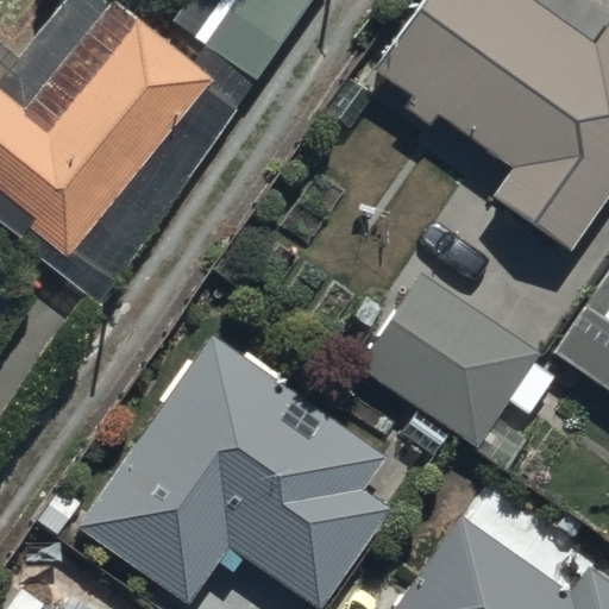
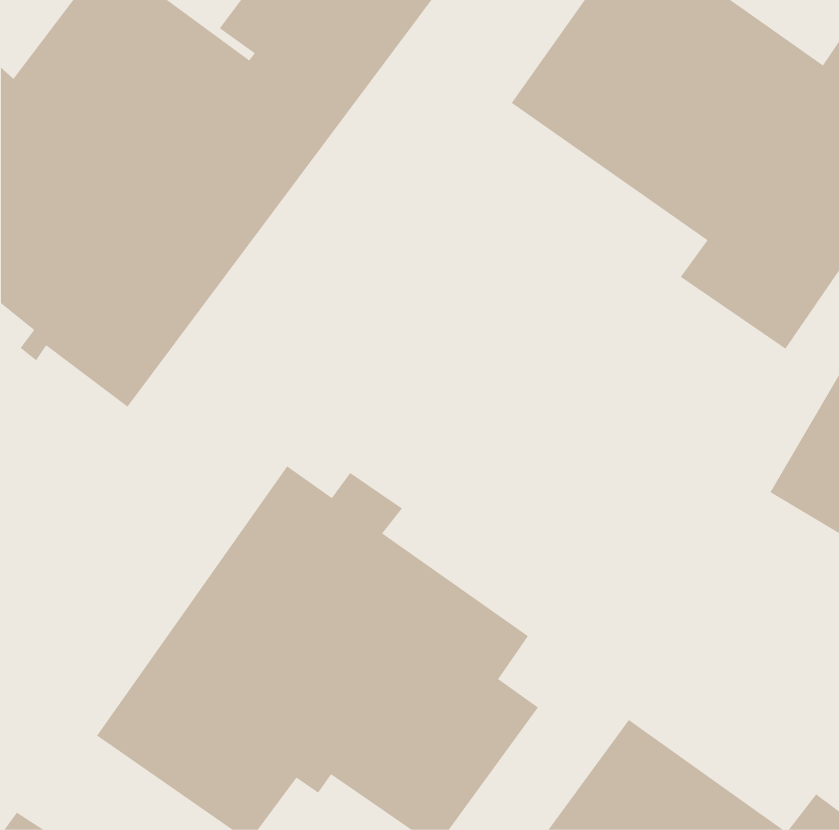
building: [356,272,550,446] -> none

